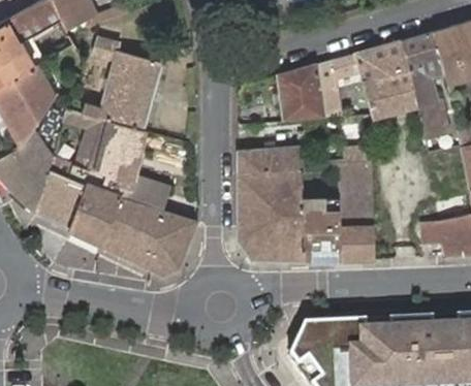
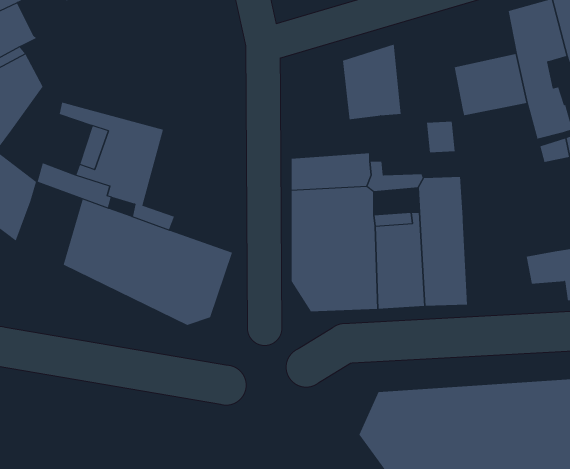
building: [85,36,163,128] -> none
building: [318,39,409,117] -> none
building: [35,167,85,229] -> none

